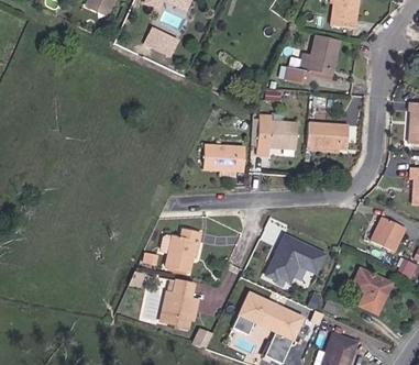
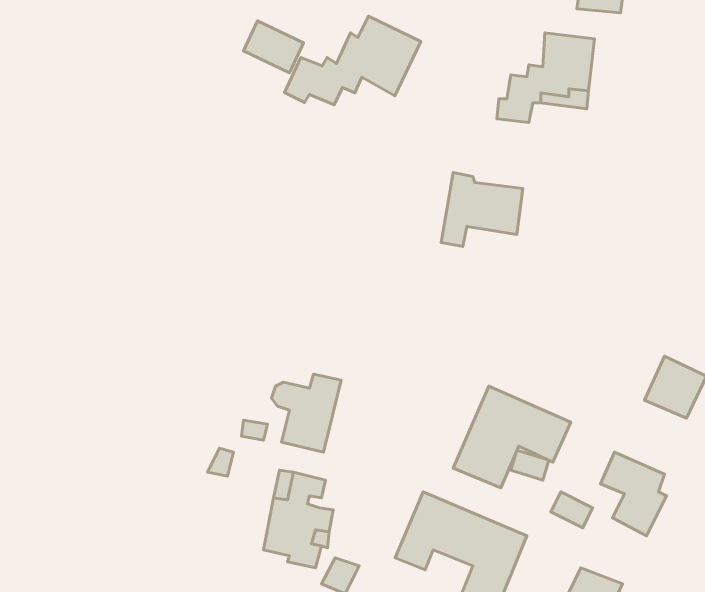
building: none -> [284,16,421,105]
building: [308,122,351,148] -> none
building: [205,142,247,172] -> none

